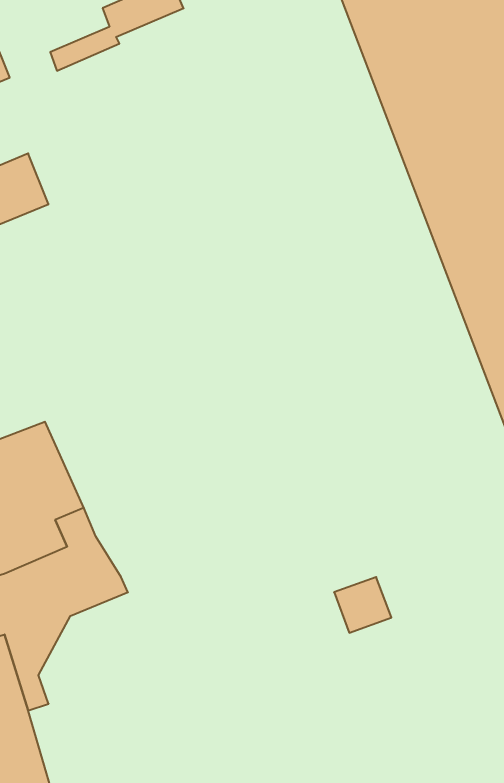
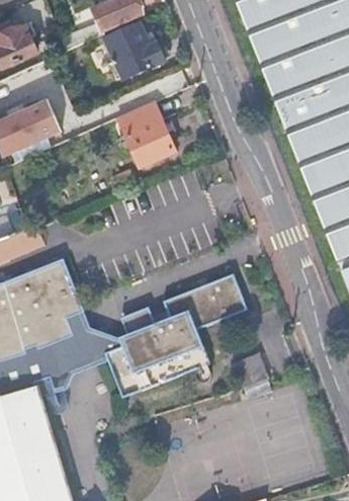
building: none -> [107,21,167,78]
building: none -> [119,100,175,165]
building: none -> [105,273,247,398]

